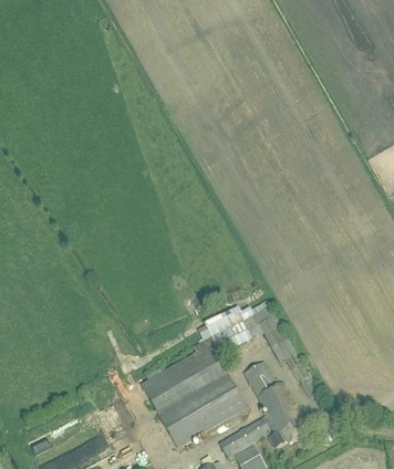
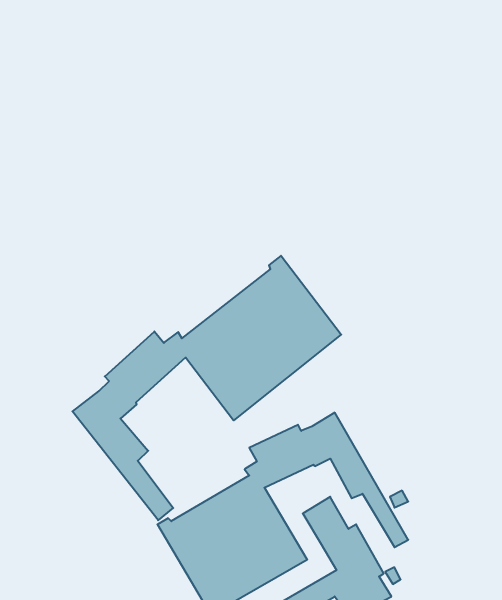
building: none -> [72,256,341,520]

